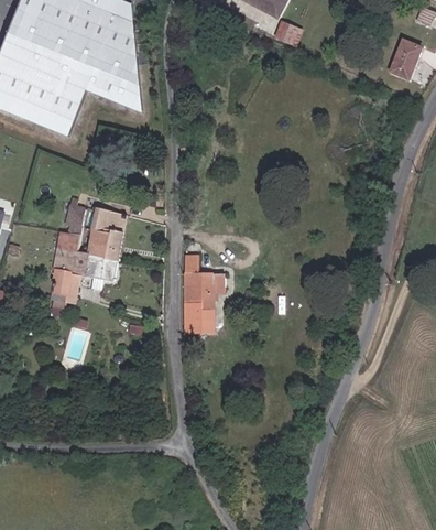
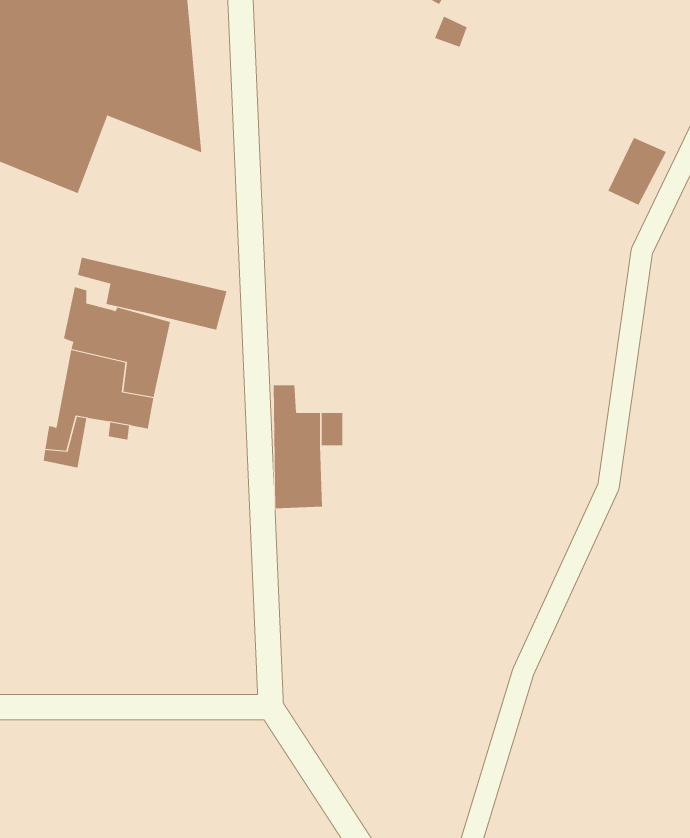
building: [385,41,421,82] -> [607,137,667,206]
building: none -> [78,257,227,331]

